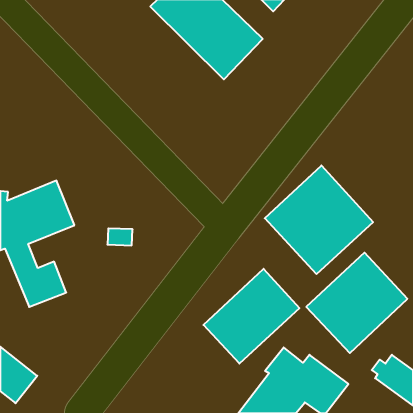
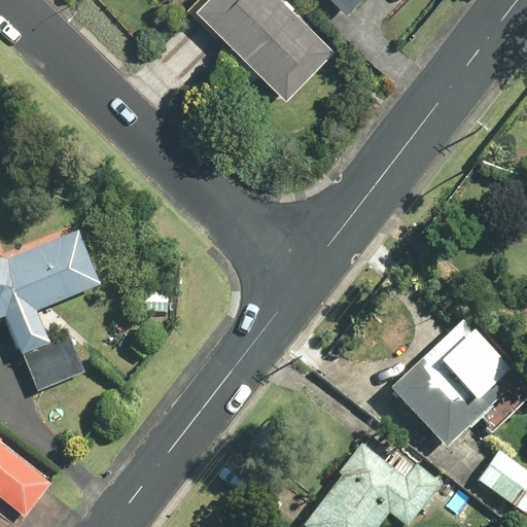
building: [265,165,373,274] -> none
building: [203,269,299,364] -> none

